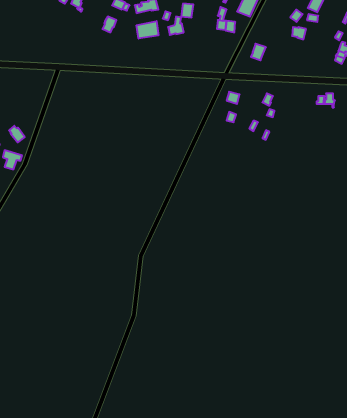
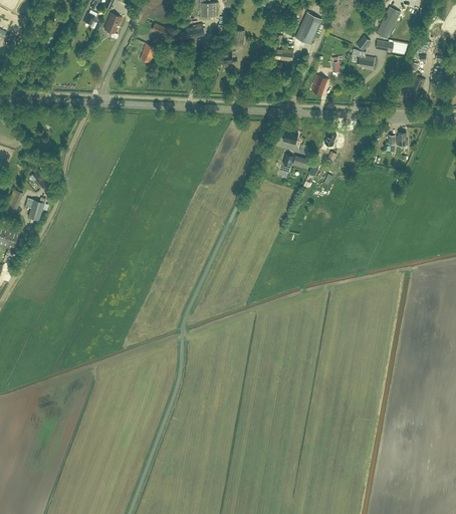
building: [137,21,158,39] -> none

